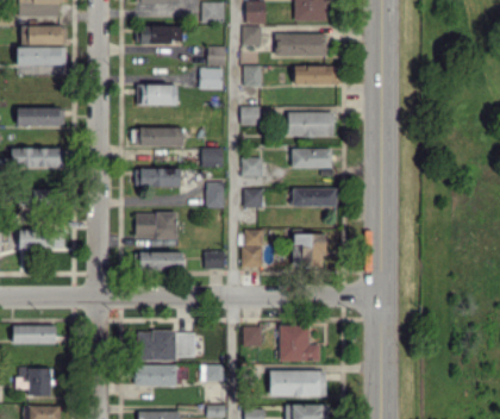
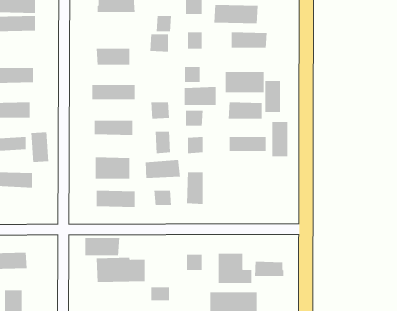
building: none -> [265,80,281,113]
building: none -> [184,86,216,106]
building: none -> [272,121,288,157]
building: none -> [31,132,49,163]
building: none -> [145,159,180,179]
building: [292,233,325,267] -> none
building: none -> [254,261,284,277]
building: [135,364,176,386] -> [84,237,120,256]

